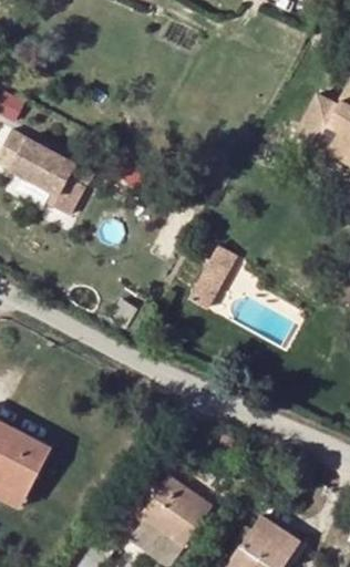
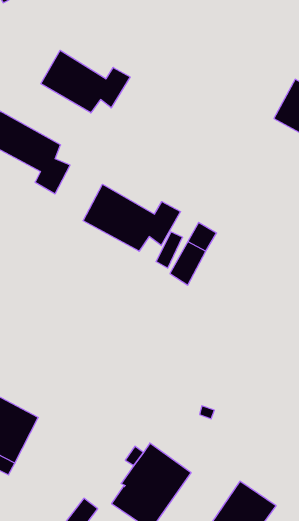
building: none -> [41,50,130,113]
building: none -> [83,184,181,251]

